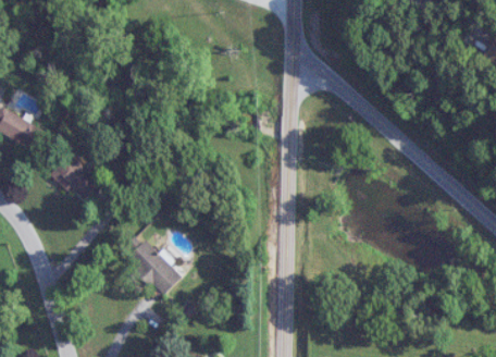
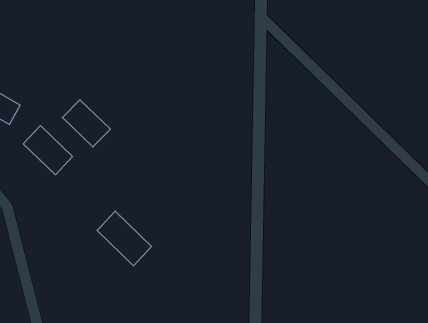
building: none -> [62,100,110,147]

